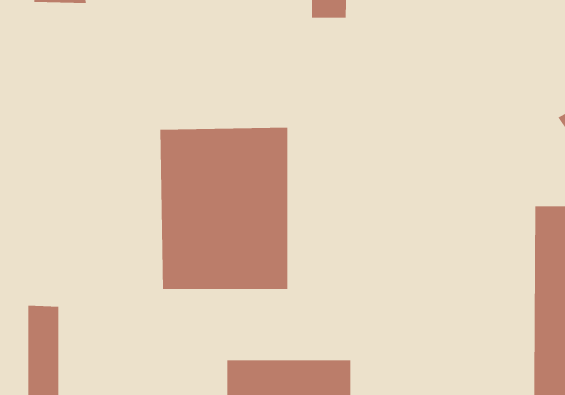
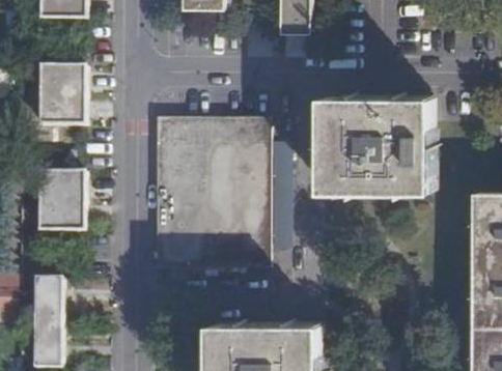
building: none -> [41,65,87,124]
building: none -> [320,96,425,189]
building: none -> [41,171,87,230]

